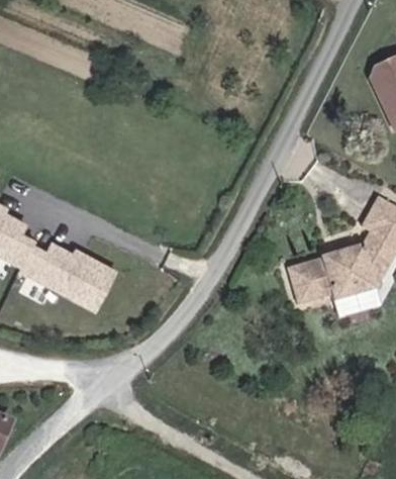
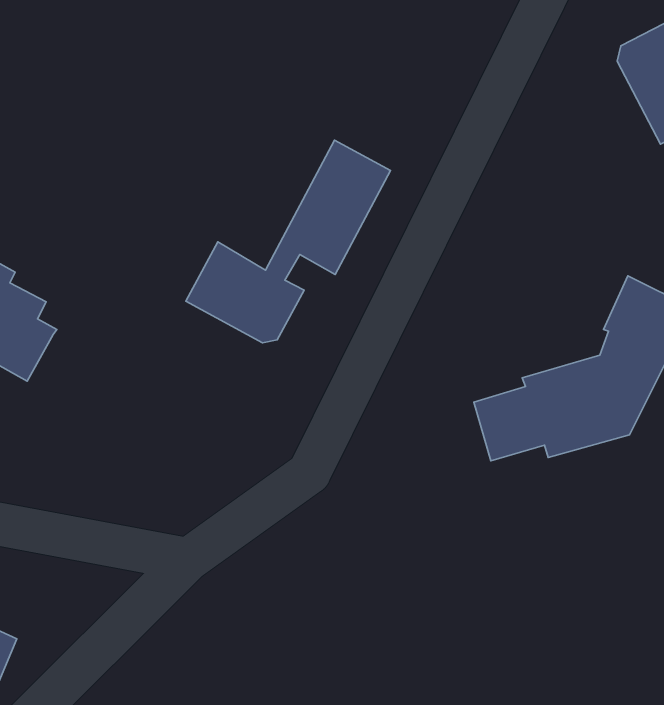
building: none -> [186,140,391,343]
building: [20,240,121,311] -> none

